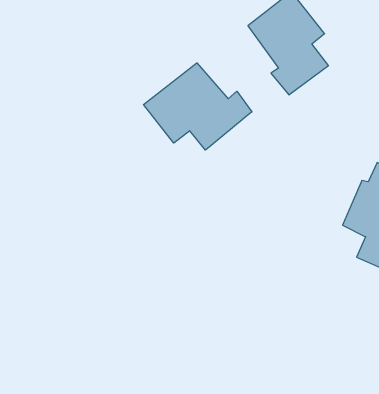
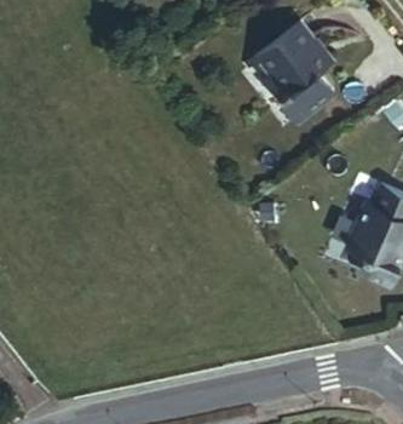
building: [144,63,252,150] -> none

